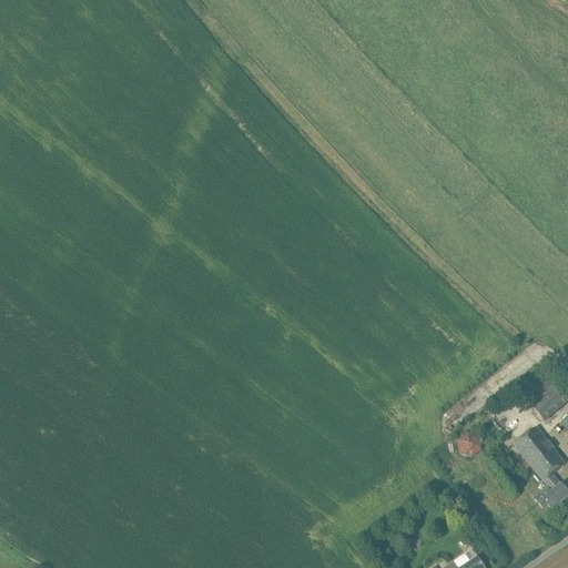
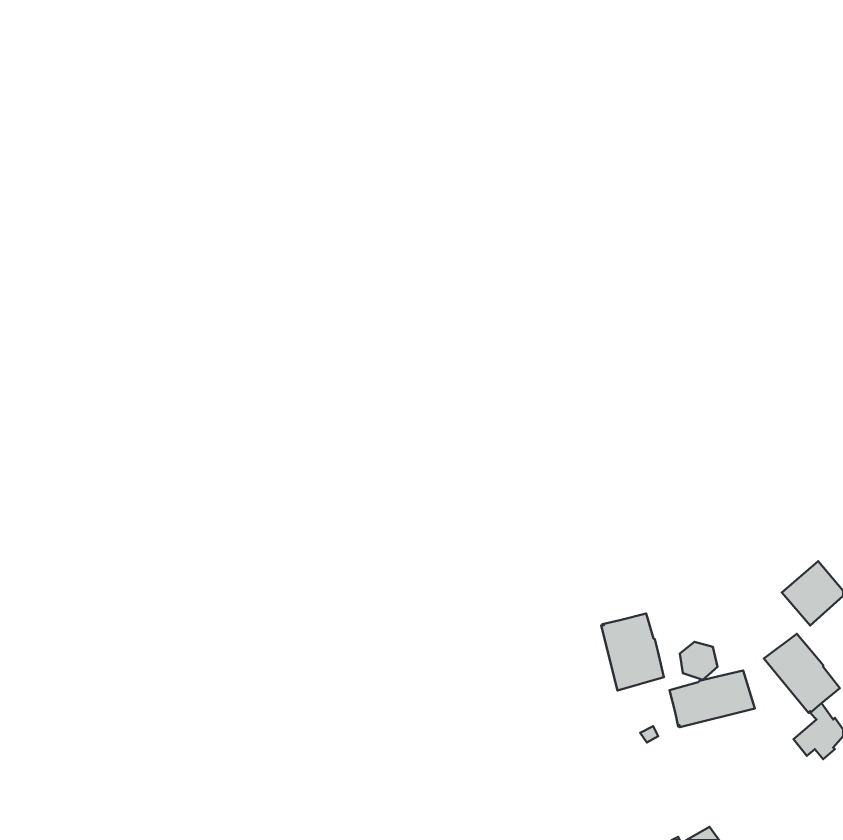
building: none -> [601,614,664,691]
building: none -> [670,670,755,727]

